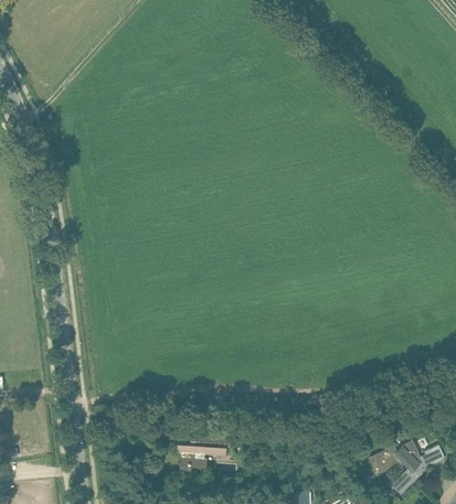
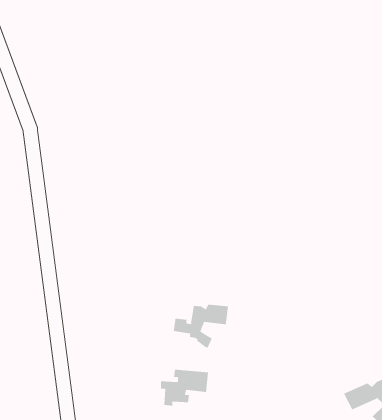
building: none -> [173,304,229,348]

